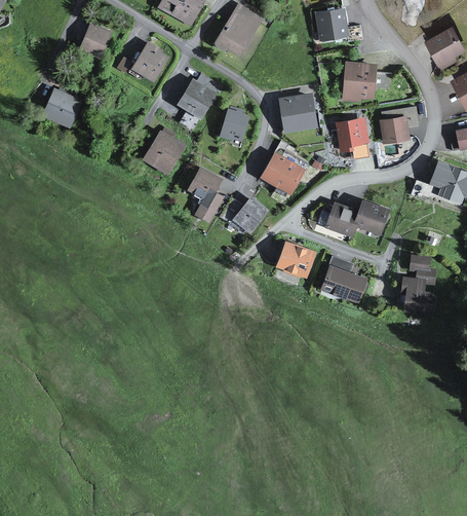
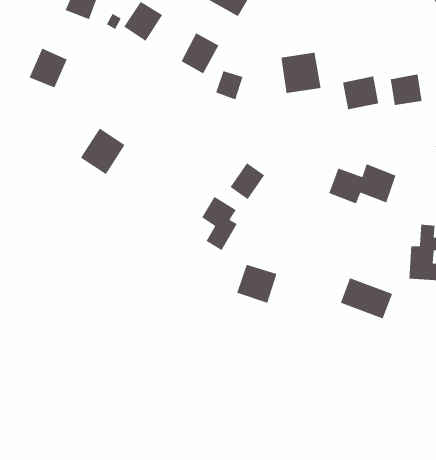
building: [346,59,379,101] -> none
building: [143,131,186,176] -> [80,128,126,175]
building: [260,152,305,195] -> none
building: [189,170,224,222] -> [201,196,238,251]
building: [276,244,315,282] -> [236,264,277,304]
building: [319,265,369,305] -> [340,277,393,319]

